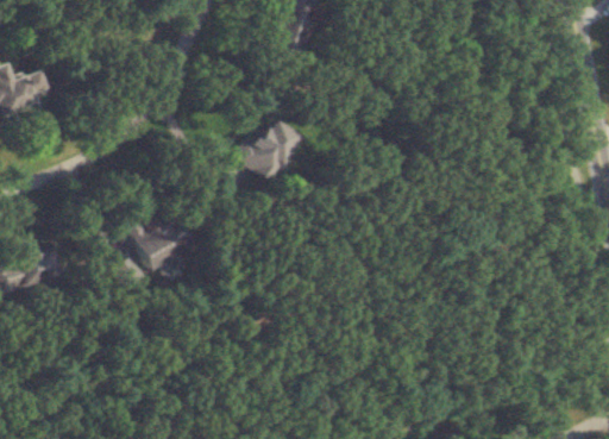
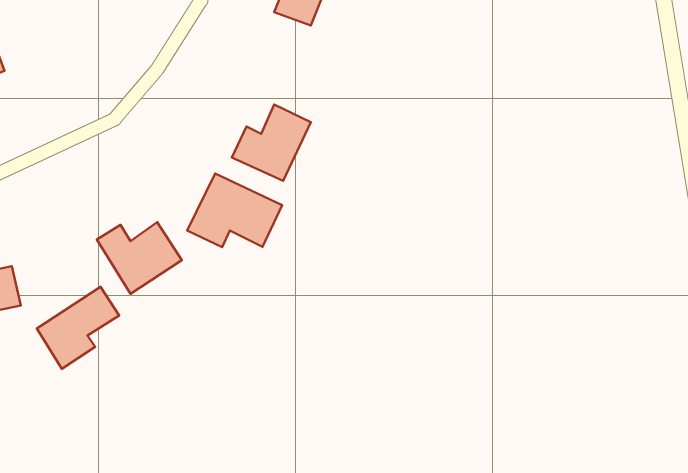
building: none -> [187,174,282,247]
building: none -> [37,287,119,369]

